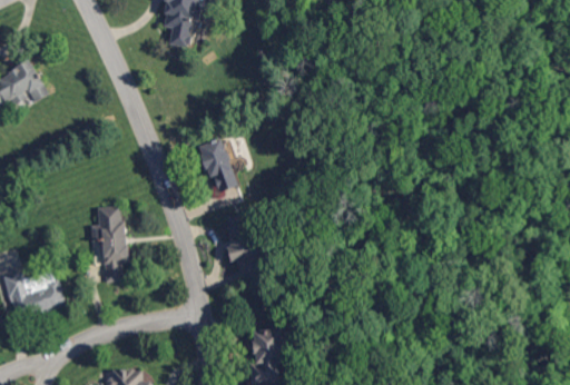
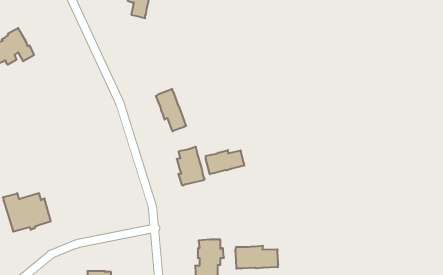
building: [90,207,127,283] -> none
building: none -> [206,150,244,174]
building: none -> [236,246,278,269]

